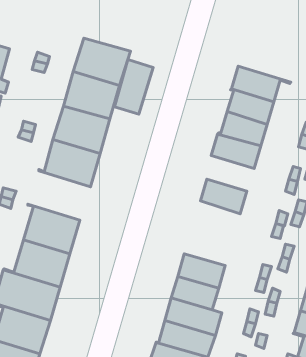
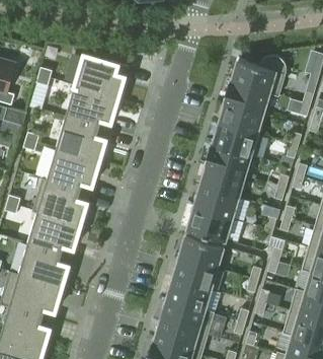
building: none -> [230,56,287,95]
building: [115,59,153,114] -> none
building: none -> [200,164,245,198]
building: none -> [32,178,91,225]
building: none -> [188,207,232,240]
building: none -> [179,235,224,268]

